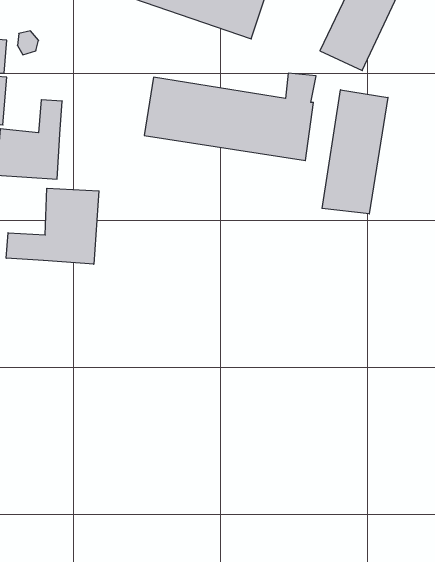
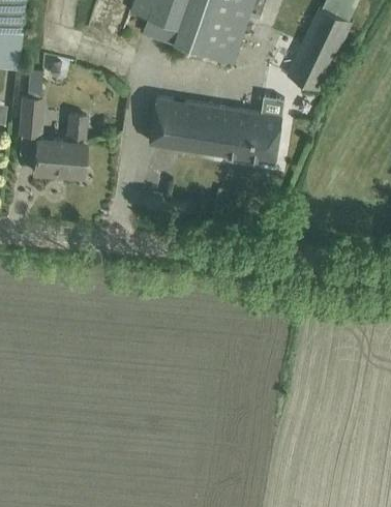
building: [322,90,388,214] -> none
building: [6,188,99,264] -> none

